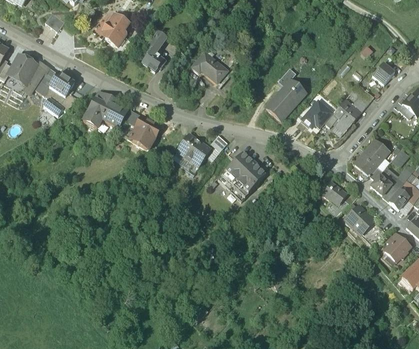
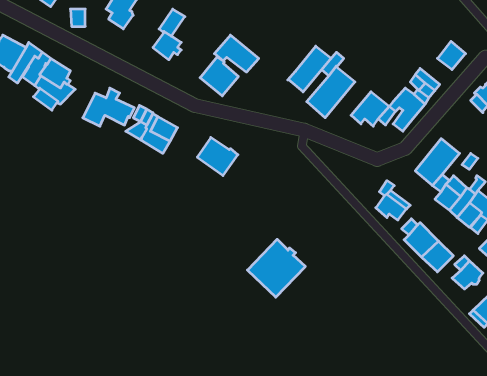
building: none -> [288,46,331,92]
building: none -> [200,57,238,96]
building: [219,153,266,200] -> [247,239,305,297]

